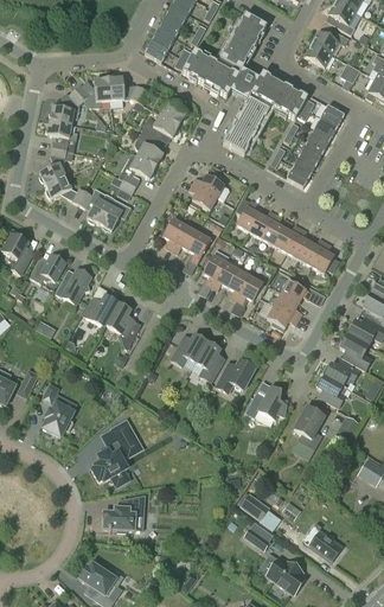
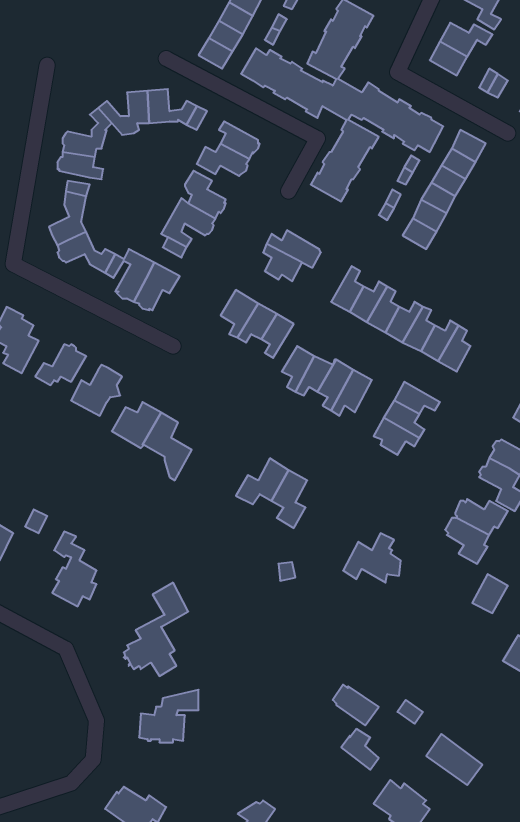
building: [215,359,254,392] -> none
building: [293,405,324,449] -> none

